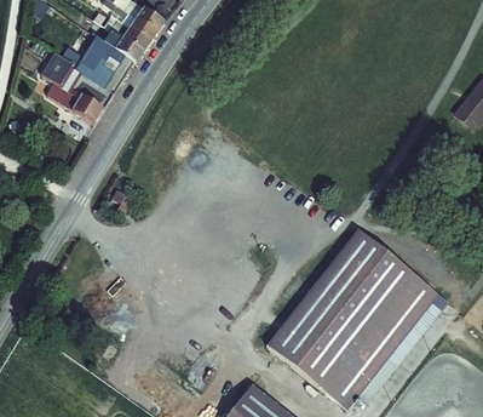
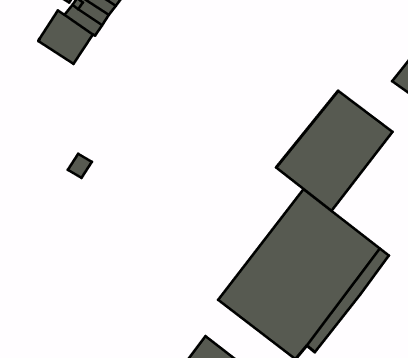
building: [41,53,113,125] -> none
building: none -> [276,91,392,211]

